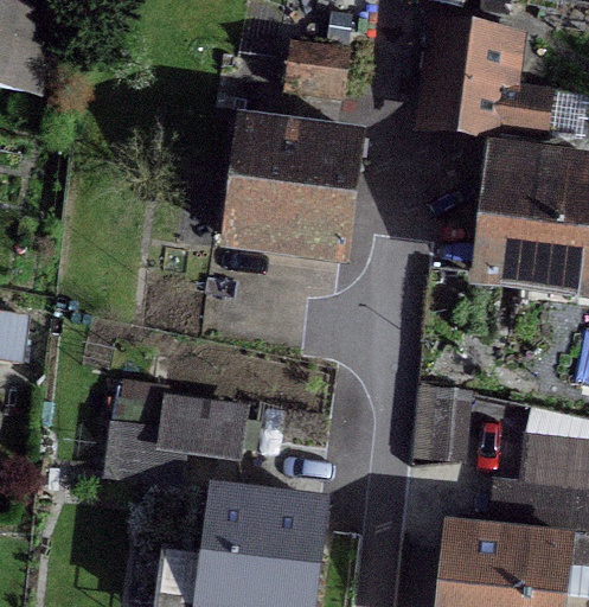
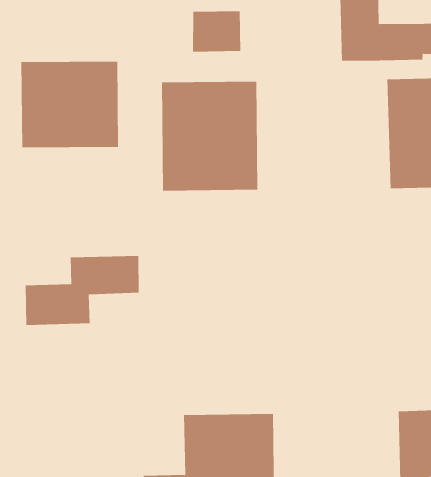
building: none -> [21,61,119,148]
building: [102,402,239,479] -> [25,255,139,326]

